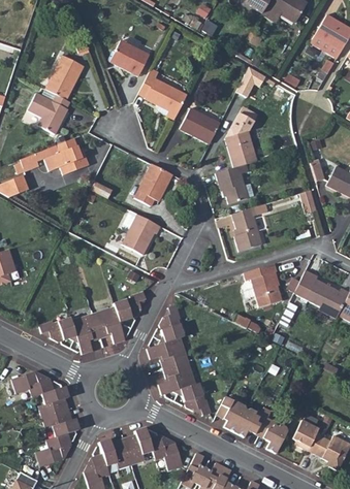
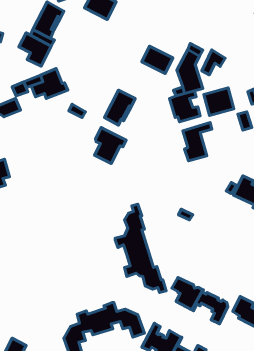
building: [236,66,265,97] -> [202,50,225,75]
building: [138,69,187,120] -> none
building: none -> [204,88,234,116]
building: [224,264,281,307] -> none
building: [38,292,146,354] -> none
building: [12,370,79,467] -> none

